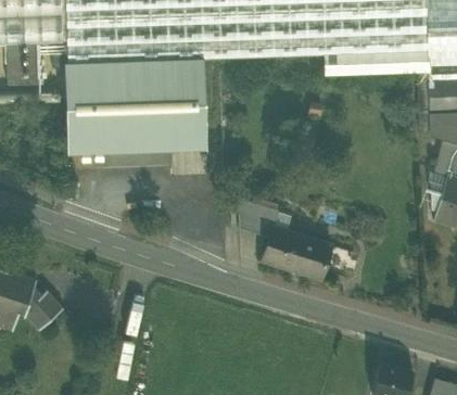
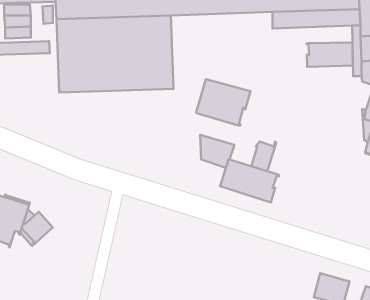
building: none -> [307,42,353,67]
building: none -> [196,79,250,125]
building: none -> [251,141,276,171]

